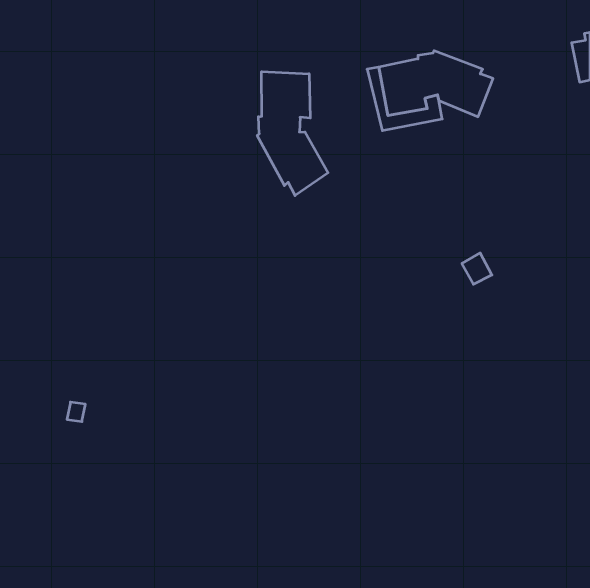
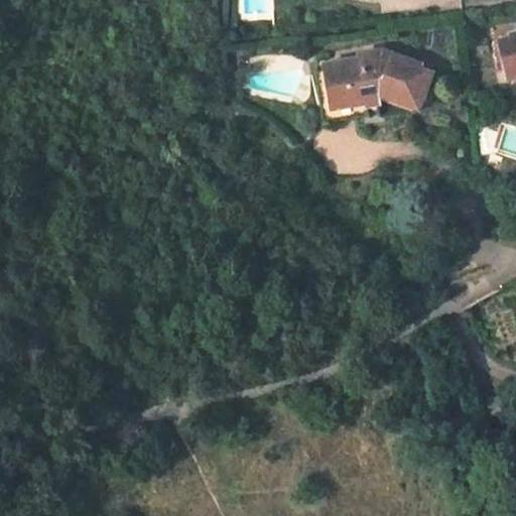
building: [257,72,328,196] -> none

